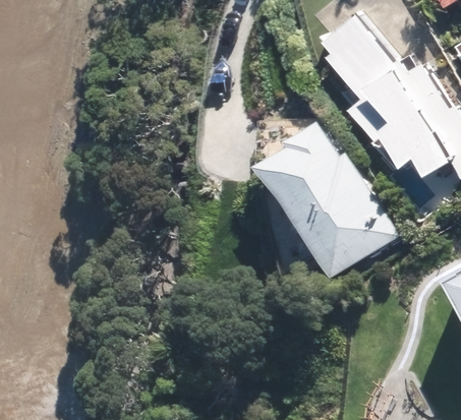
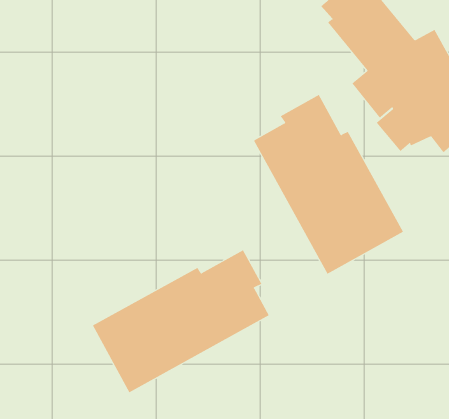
building: none -> [92,249,270,393]

